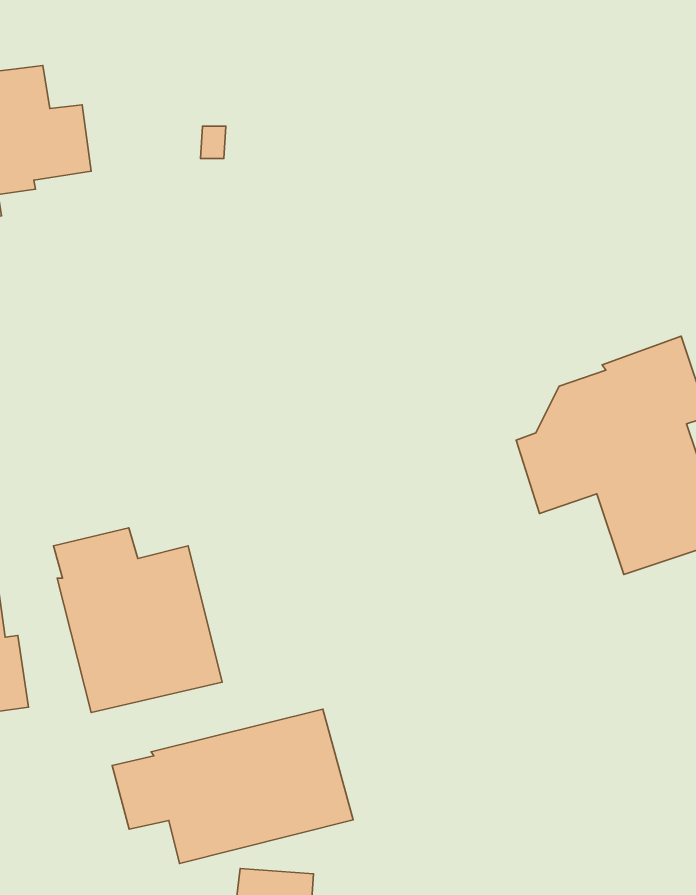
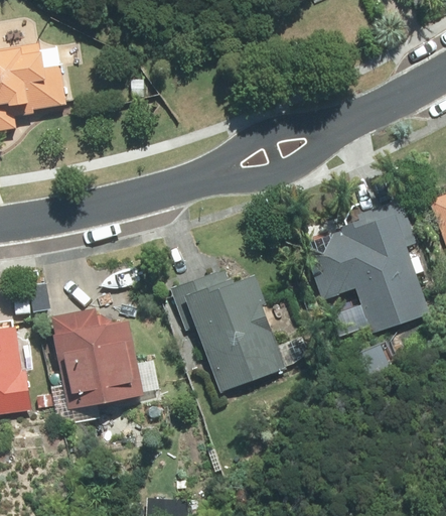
building: none -> [169,270,279,392]
building: [112,709,353,863] -> none

